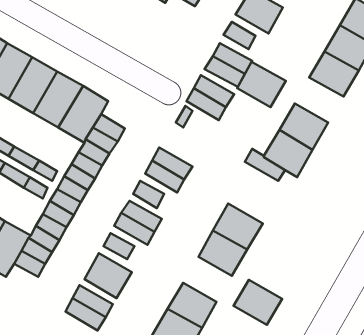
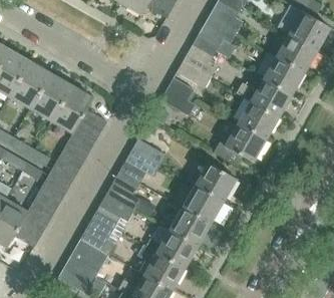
building: [237,62,286,107] -> [251,78,292,116]
building: none -> [195,163,237,202]
building: [233,280,282,325] -> [156,230,198,268]

